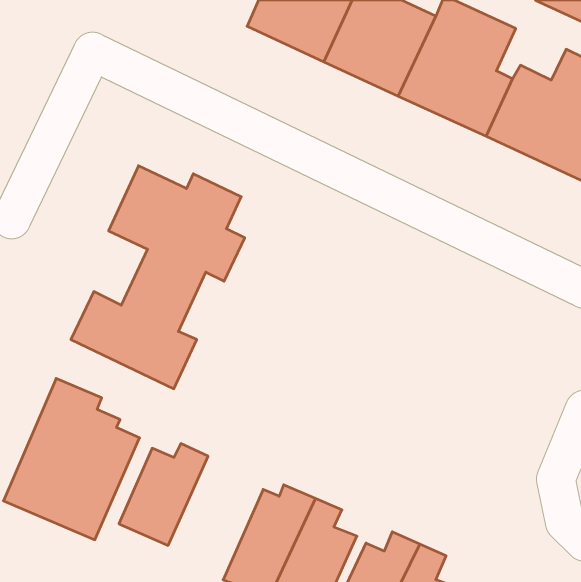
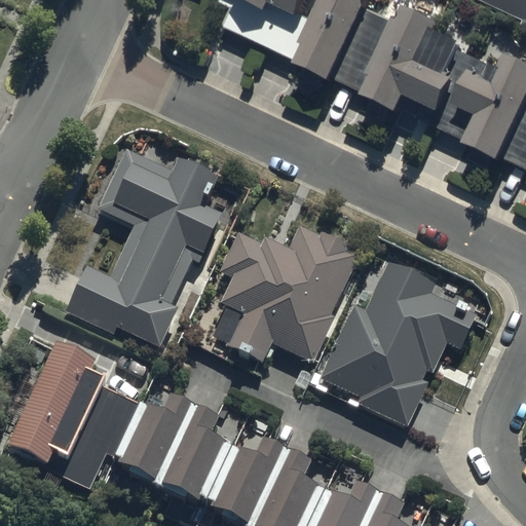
building: none -> [220,224,363,361]
building: none -> [318,260,476,423]
building: none -> [154,412,228,511]

